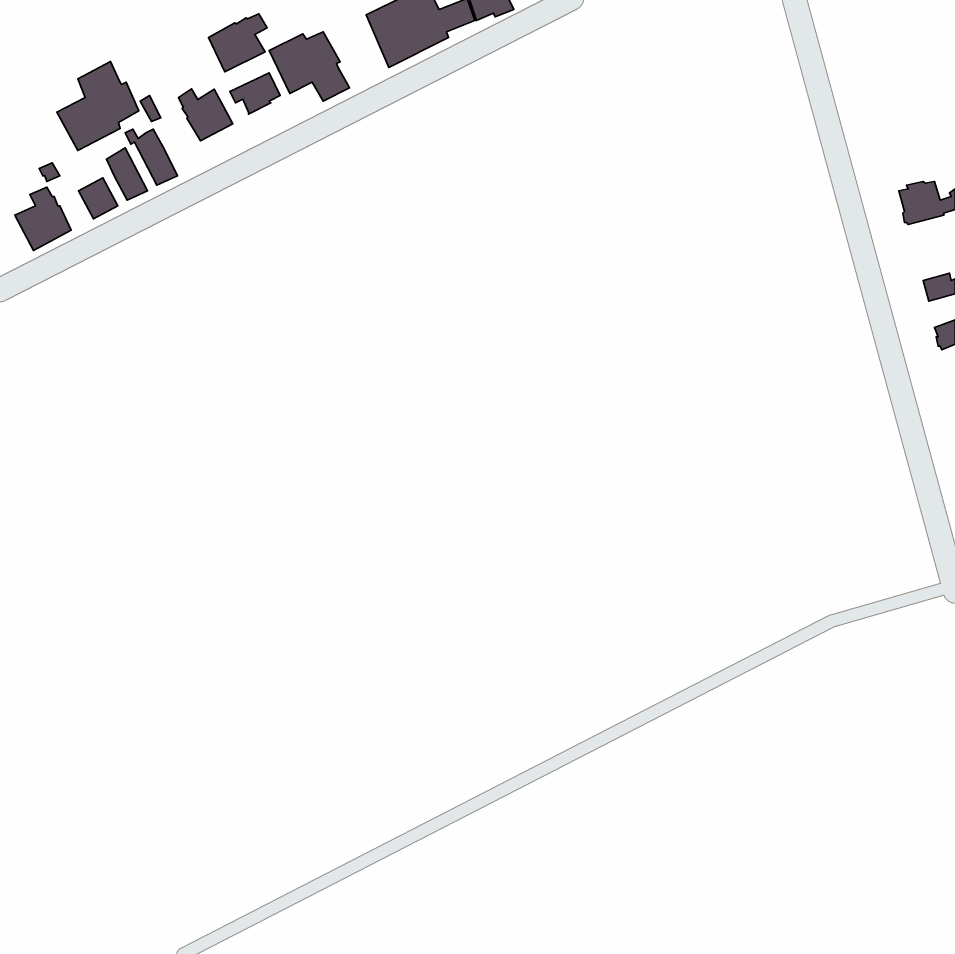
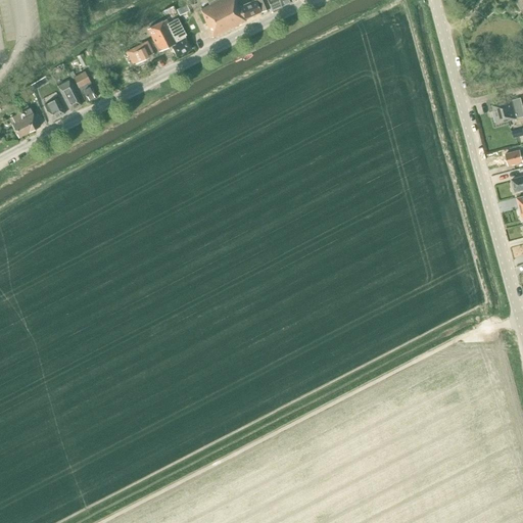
building: [209,14,267,72] -> none
building: [57,62,139,151] -> none
building: [178,89,233,141] -> none

